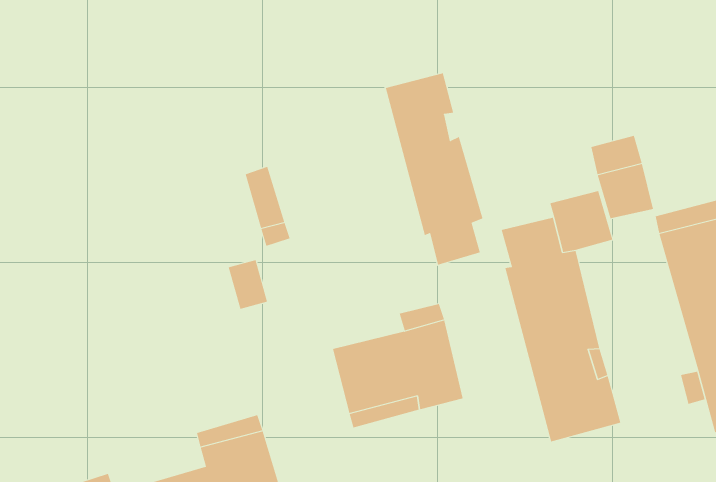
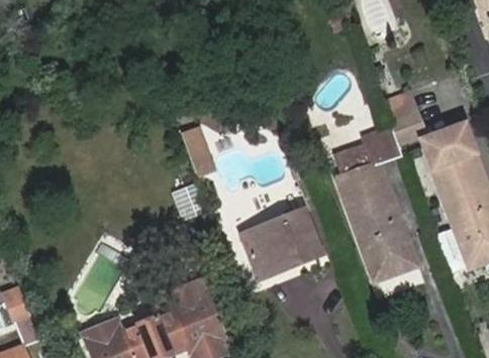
building: [385,73,483,265] -> none

